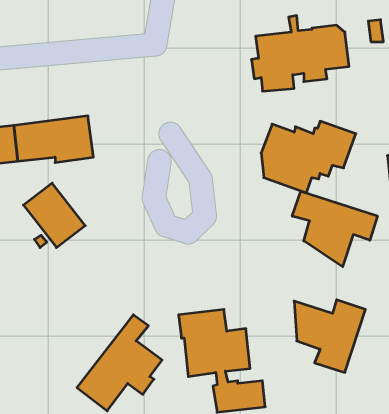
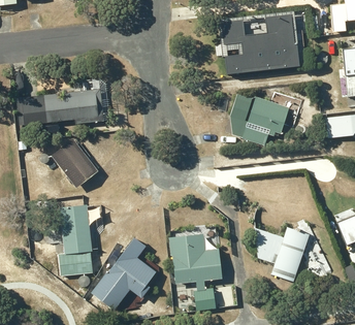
building: [292,191,377,267] -> none
building: none -> [57,204,93,277]

